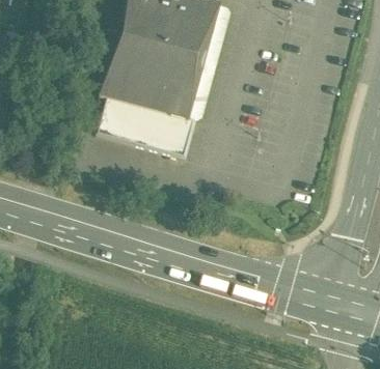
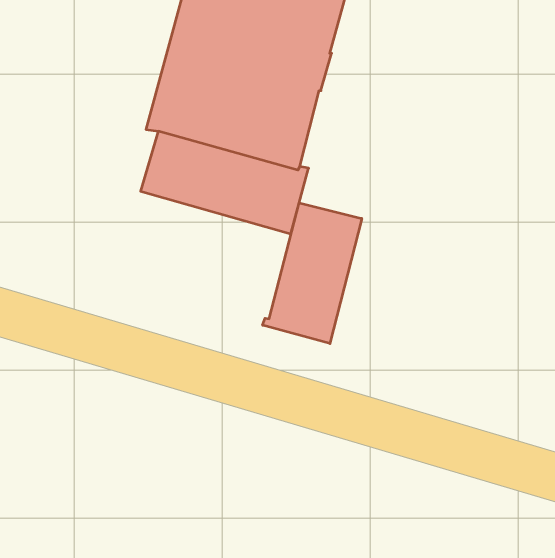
building: none -> [263,203,362,344]

